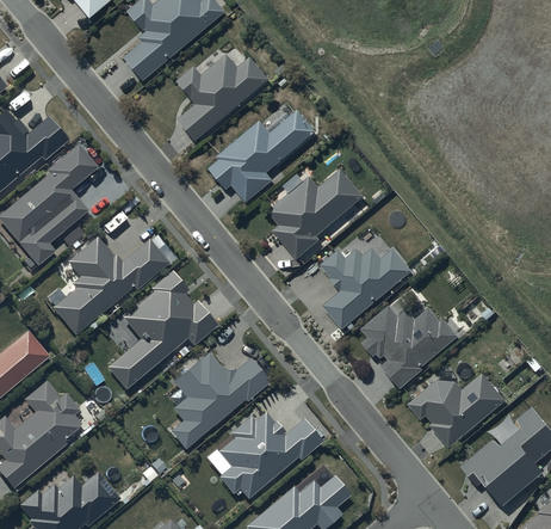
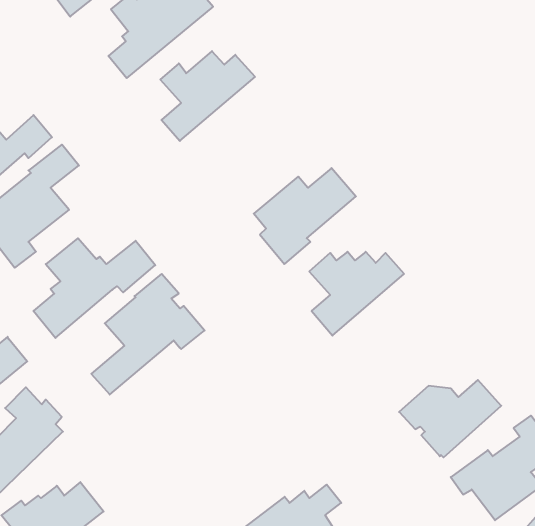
building: [208,111,312,202] -> none
building: [361,306,465,389] -> none
building: [172,353,270,447] -> none
building: [208,412,324,499] -> none

